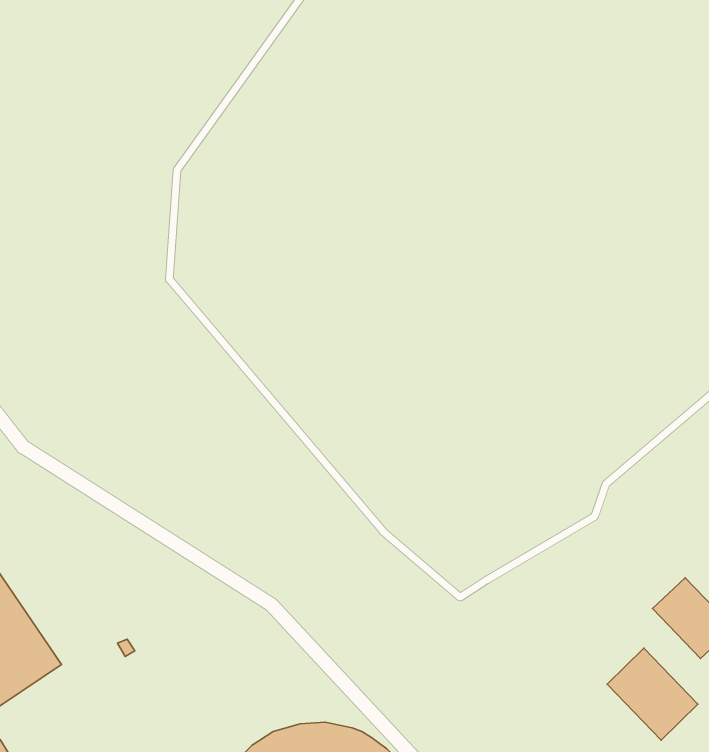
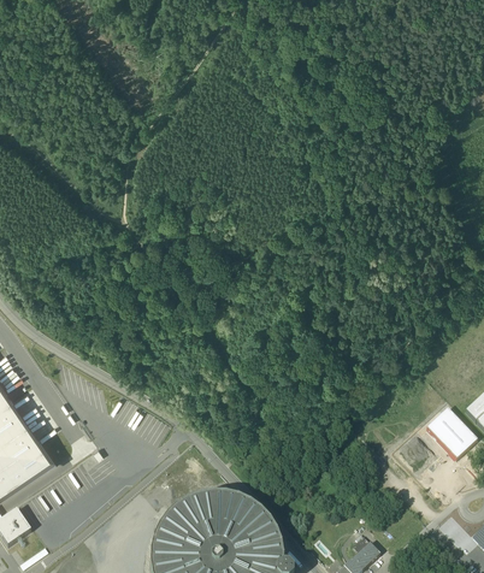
building: [607,648,698,740] -> none

